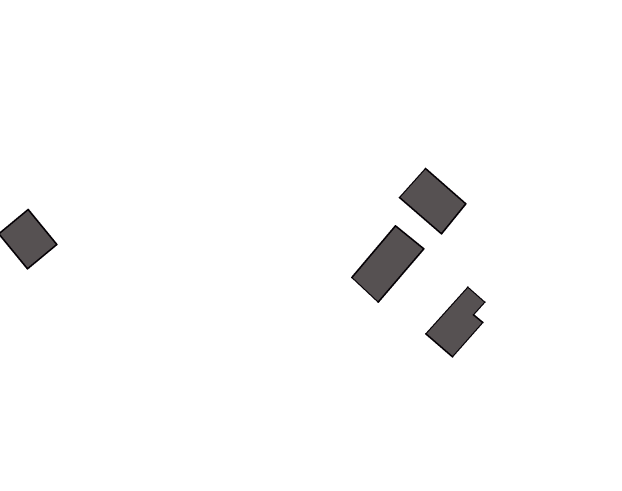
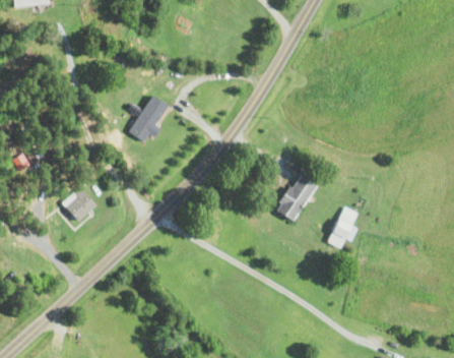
building: none -> [128,95,169,143]
building: [400,169,466,234] -> none

